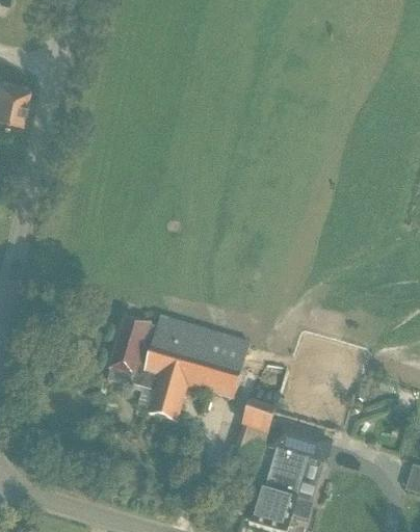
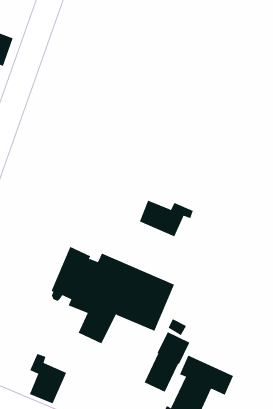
building: none -> [139,200,194,237]
building: none -> [29,353,67,404]

